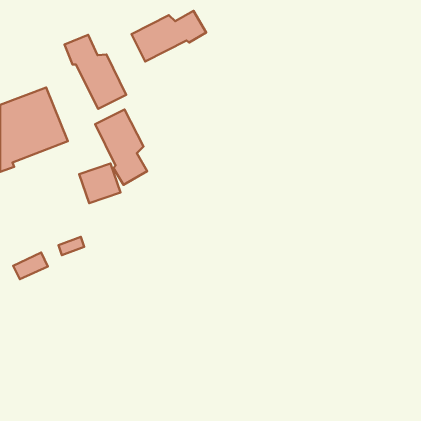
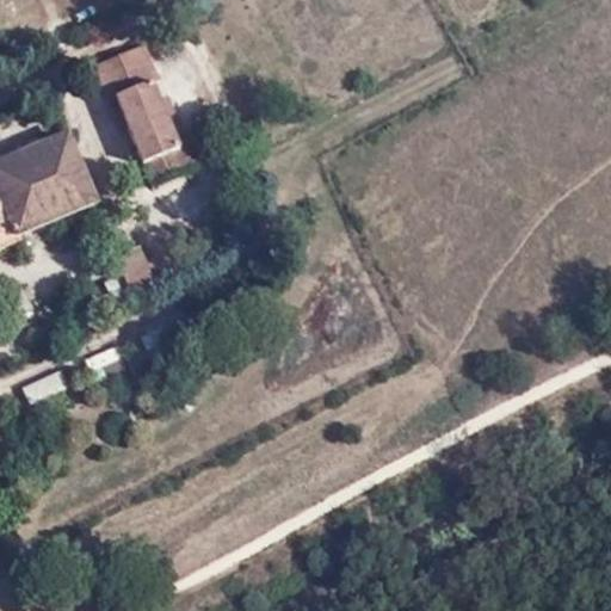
building: [132,11,206,61] -> none
building: [95,109,147,185] -> none

